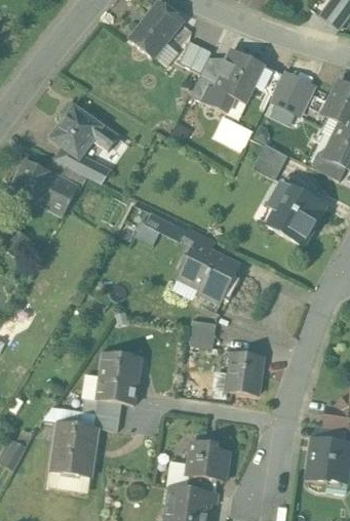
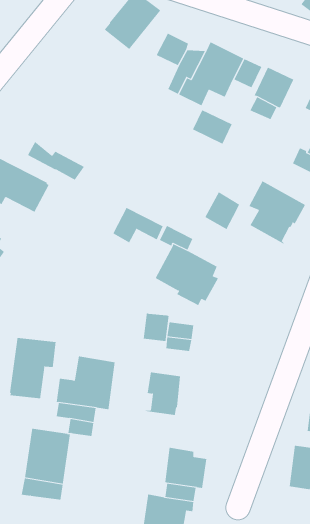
building: [50,106,118,158] -> none
building: [252,143,286,179] -> [205,192,240,230]
building: none -> [143,313,169,342]
building: none -> [9,337,56,399]
building: [227,352,262,394] -> [145,372,181,415]

